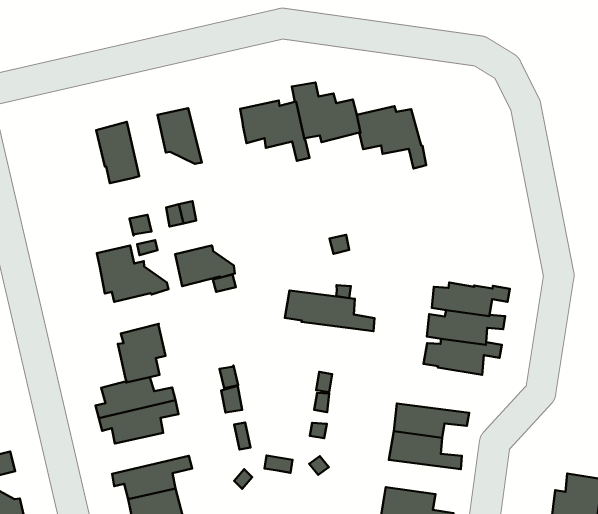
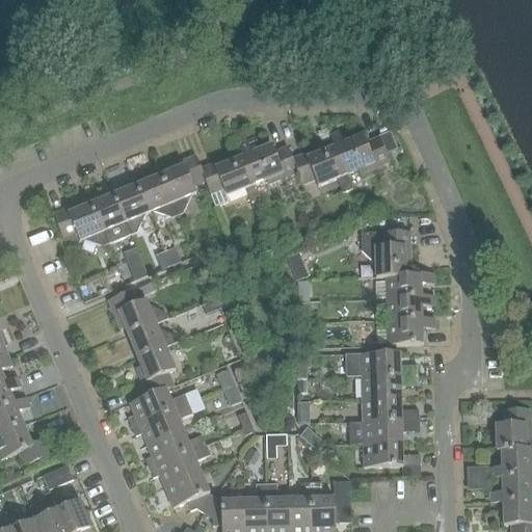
building: none -> [160,154,205,214]
building: none -> [328,130,397,172]
building: none -> [114,183,149,233]
building: none -> [52,201,109,244]
building: none -> [361,231,410,276]
building: [175,246,235,286] -> [128,322,177,357]
building: [285,291,375,331] -> [347,351,418,376]
building: none -> [144,429,206,468]
building: none -> [348,419,419,444]

